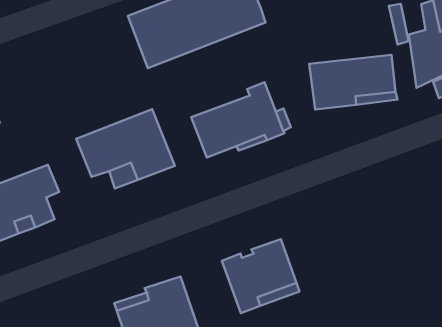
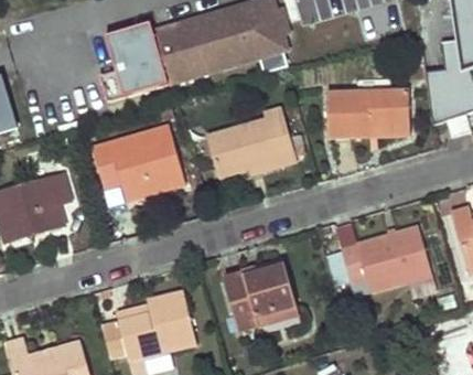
building: none -> [126,31,168,92]
building: none -> [341,227,431,290]

